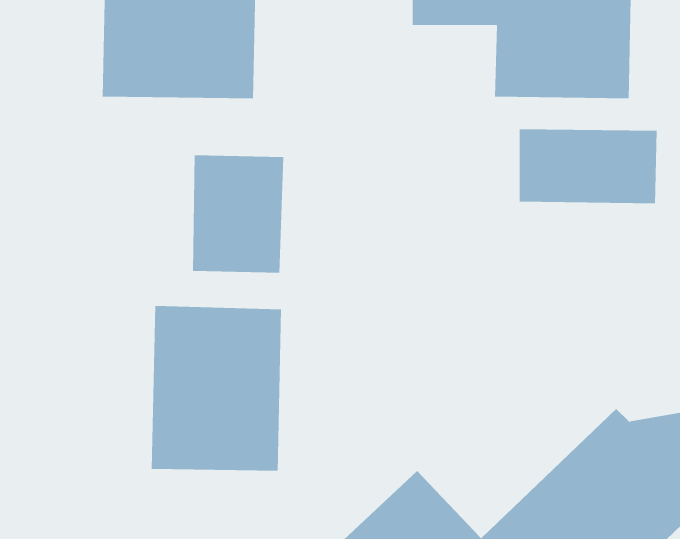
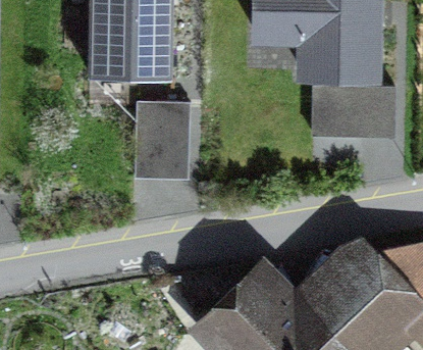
building: [151,305,281,471] -> none

